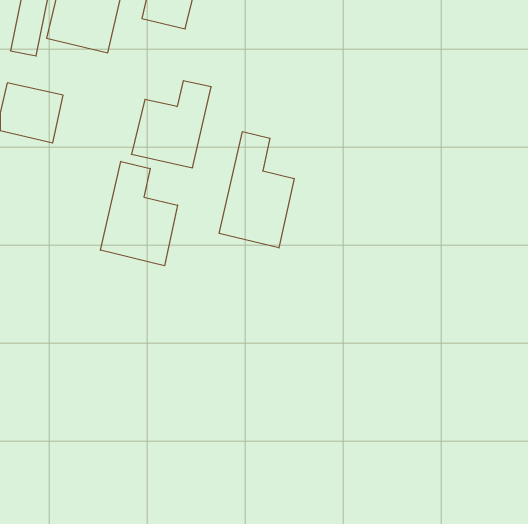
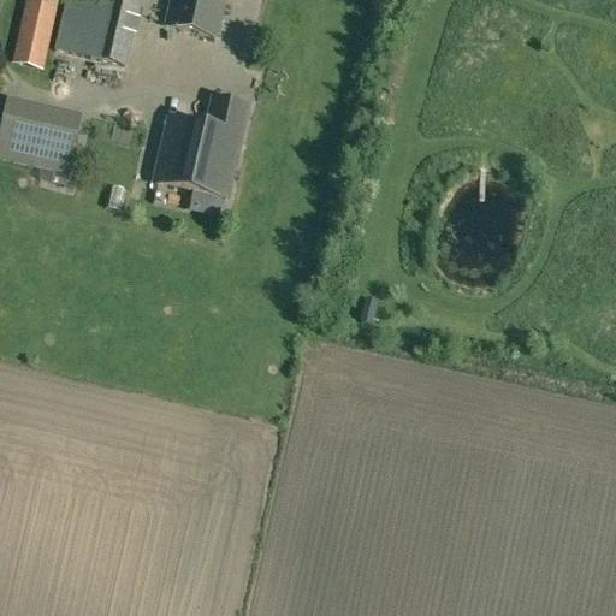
building: [219,132,294,248] -> none
building: [100,161,178,266] -> none

